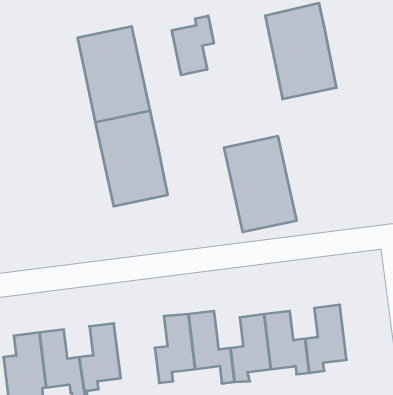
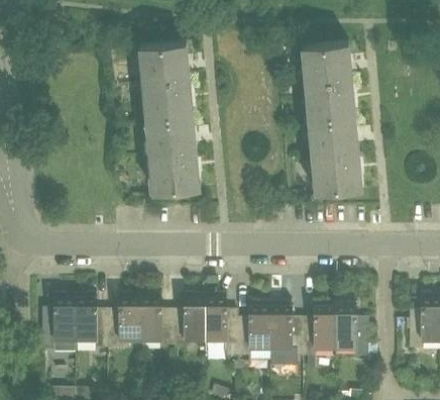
building: [172,16,214,75] -> none
building: [224,136,297,232] -> [307,118,361,196]
building: none -> [334,304,367,360]
building: none -> [139,296,172,352]

